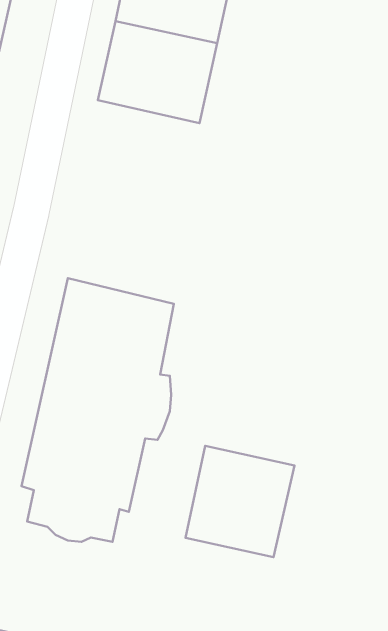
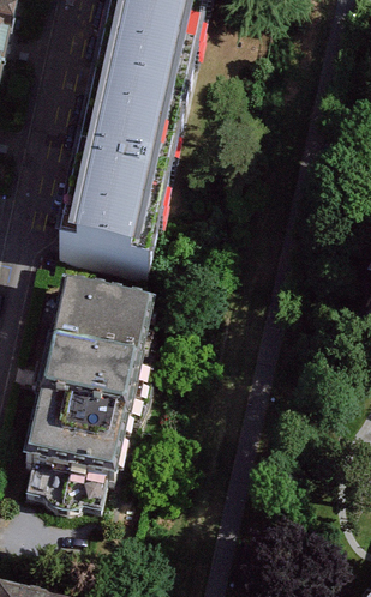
building: none -> [58,115,178,269]
building: [186,446,295,557] -> none

